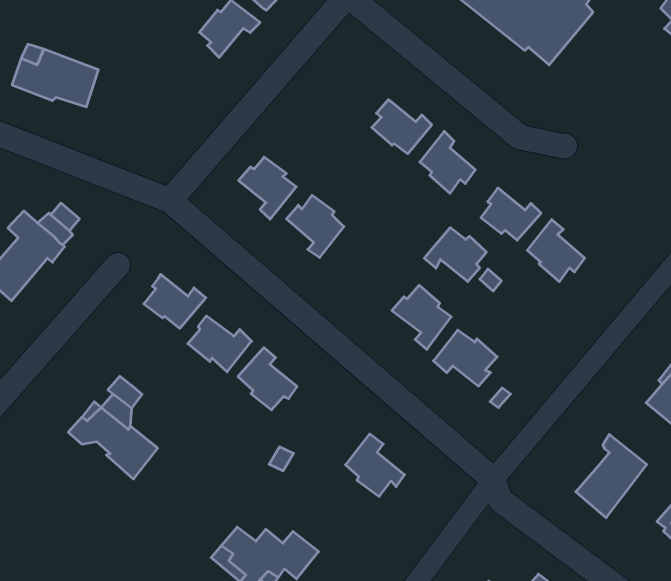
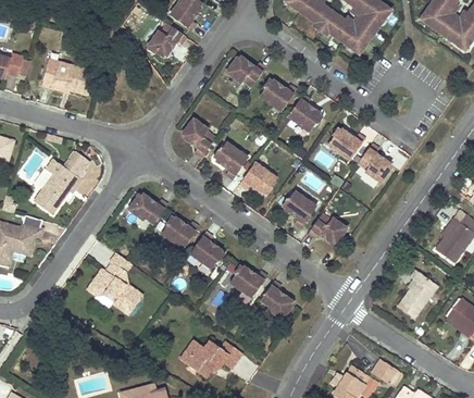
building: none -> [226,55,262,87]
building: [424,228,486,282] -> [239,161,276,192]
building: none -> [228,262,265,294]

